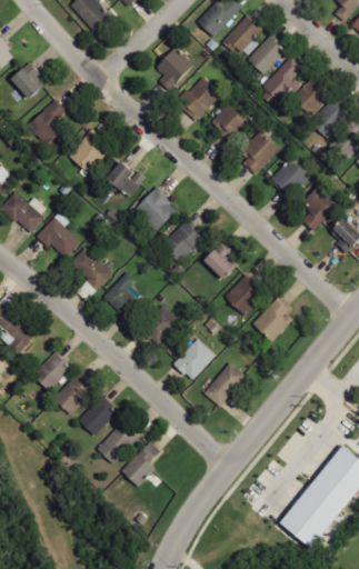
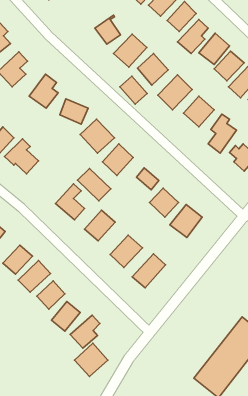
building: none -> [120,76,147,104]
building: [69,247,112,289] -> [78,168,111,201]
building: none -> [75,343,108,377]

